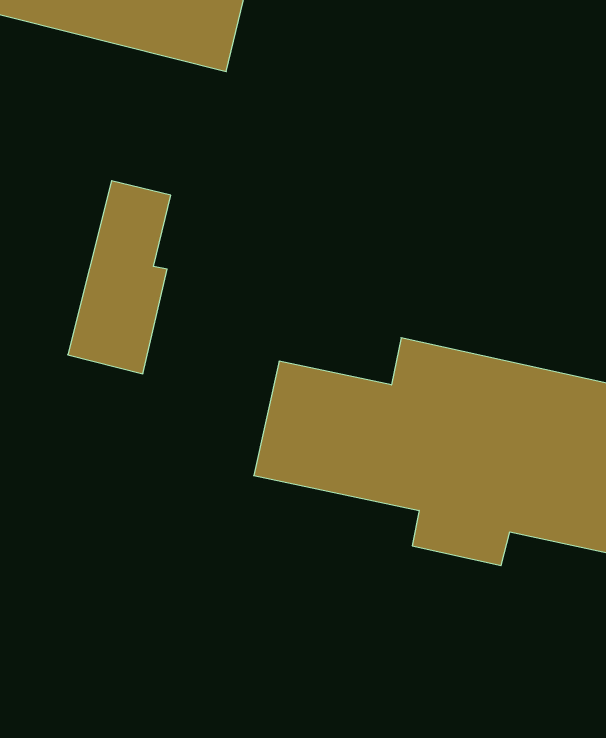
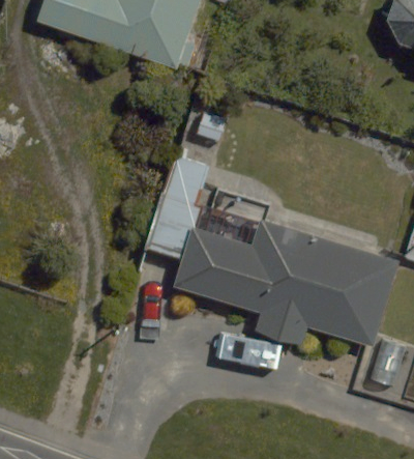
building: [68,181,171,374] -> [146,156,208,261]

